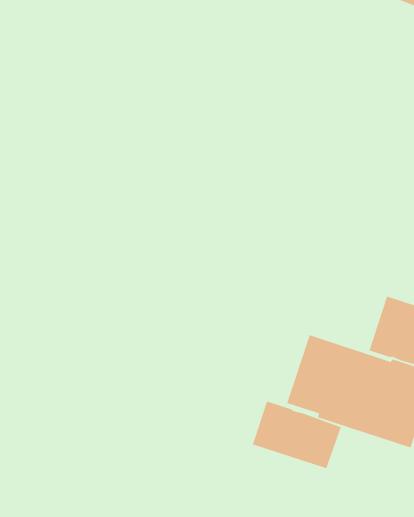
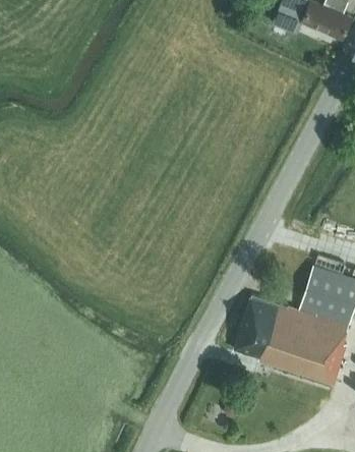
building: [252,401,342,469] -> none

